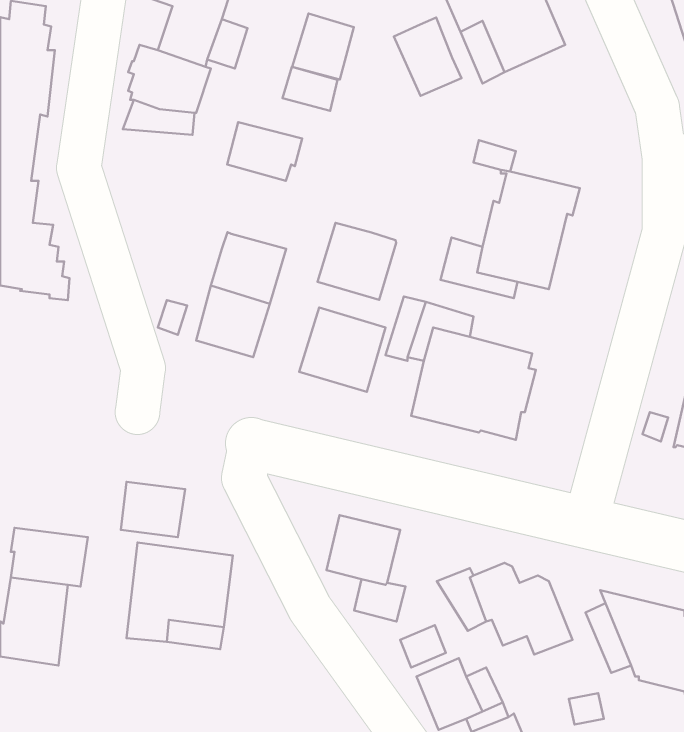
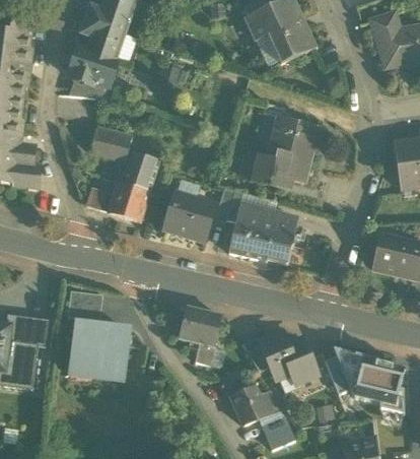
building: [292,14,354,80] -> none
building: [394,18,461,96] -> none
building: [227,122,302,181] -> [90,127,132,159]
building: [317,223,396,300] -> none

